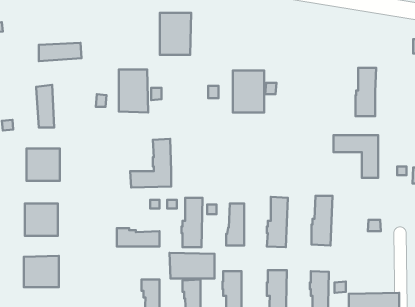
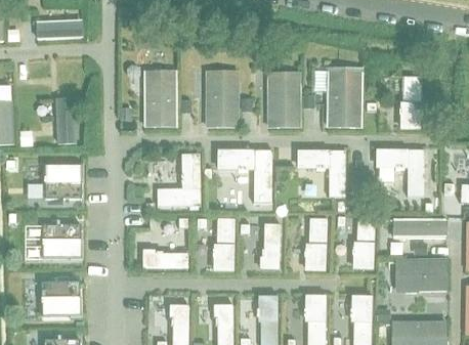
building: [160,13,191,55] -> [205,80,239,125]
building: [39,43,81,61] -> [36,18,82,38]
building: none -> [328,70,361,126]
building: none -> [217,149,271,203]
building: none -> [297,150,345,197]
building: none -> [393,217,446,234]
building: none -> [395,257,446,289]
building: [170,253,215,278] -> none

